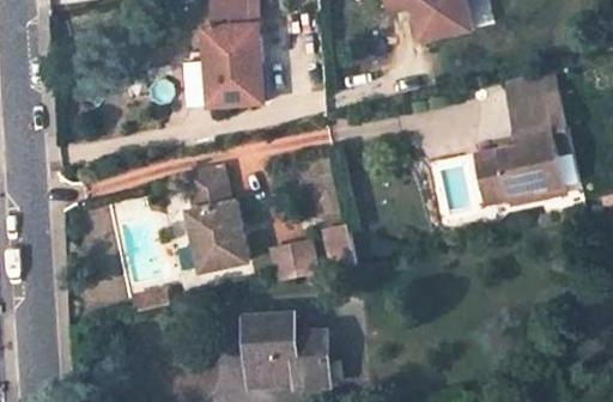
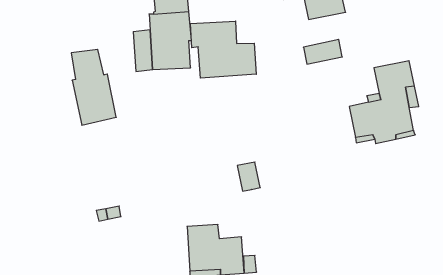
building: none -> [191,21,256,78]
building: [504,68,557,102] -> [303,39,342,64]
building: [186,169,247,272] -> [71,49,116,125]
building: [271,240,316,280] -> none

